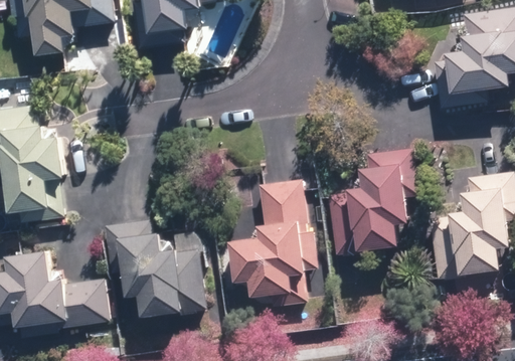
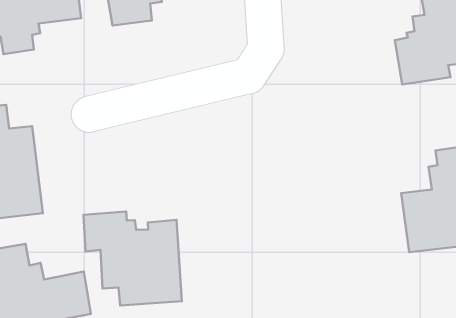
building: [330,147,416,254] -> none
building: [229,178,317,305] -> none

